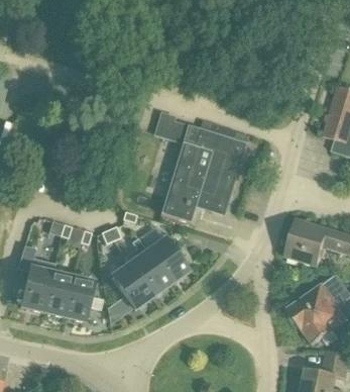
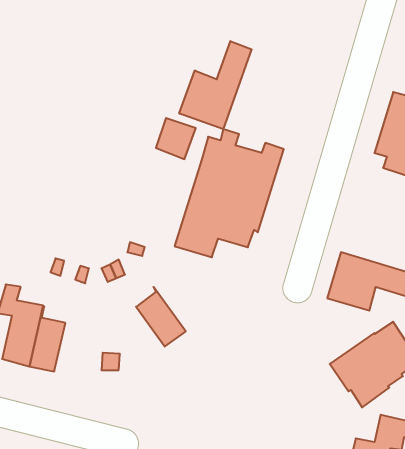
building: none -> [179,41,252,129]
building: [143,234,189,284] -> none
building: [111,264,152,310] -> none
building: [63,277,94,321] -> none

